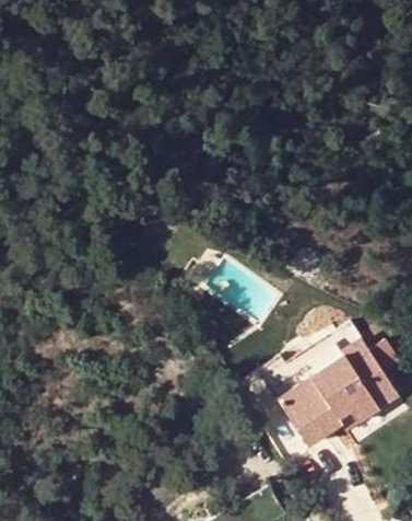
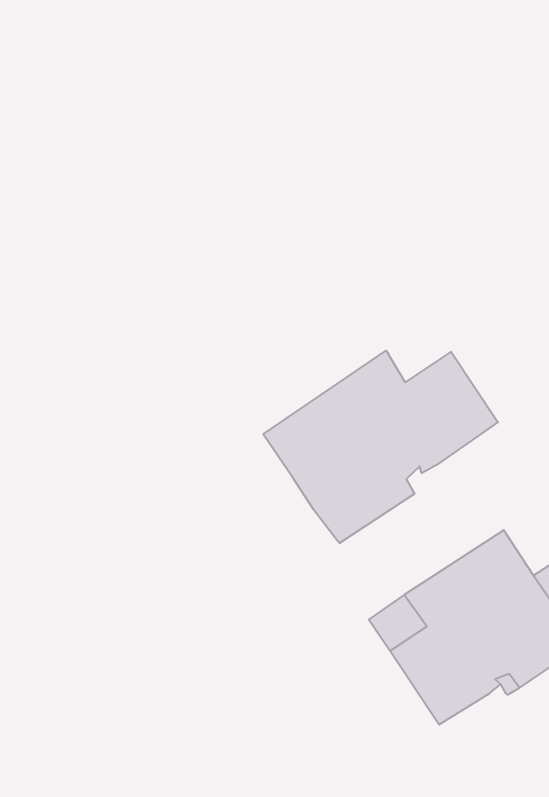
building: none -> [263,351,498,543]

